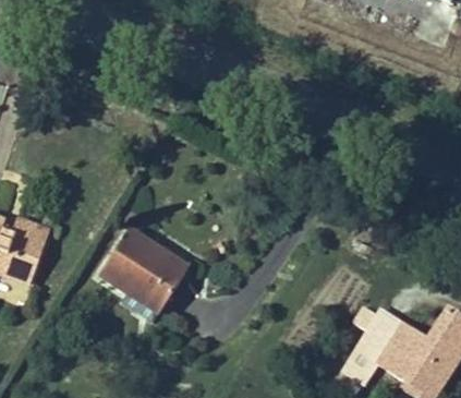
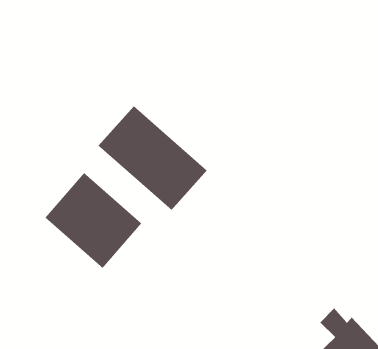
building: none -> [98,105,208,211]

